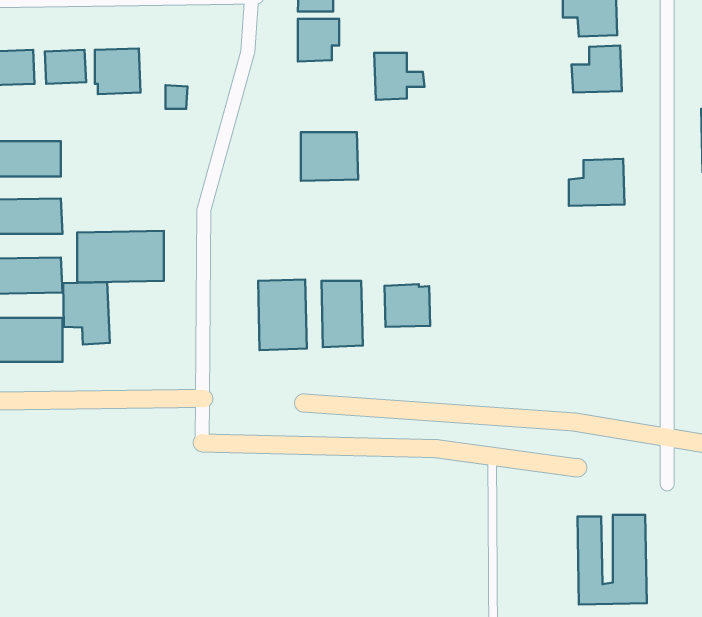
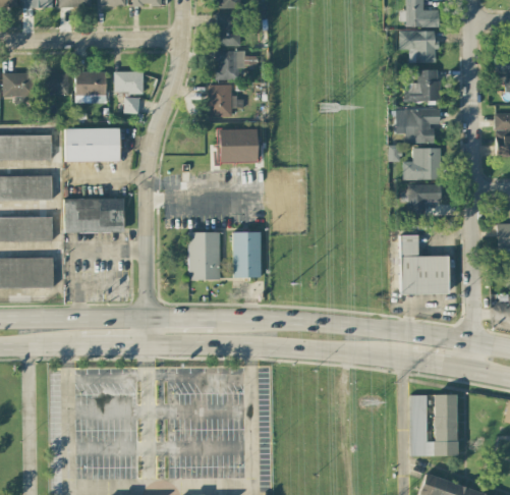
building: none -> [114,71,144,94]
building: [374,53,424,100] -> [210,85,244,117]
building: none -> [395,109,440,144]
building: none -> [65,128,119,161]
building: none -> [408,184,441,217]
building: [63,282,110,344] -> none
building: [385,284,430,327] -> none
building: none -> [400,235,448,294]

